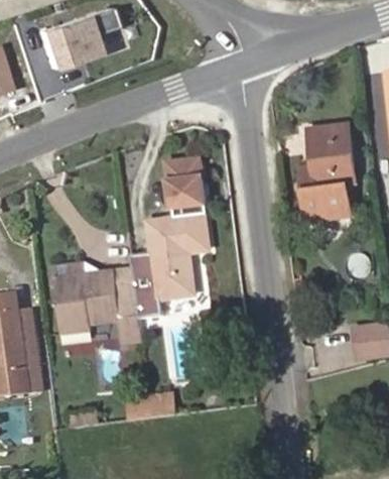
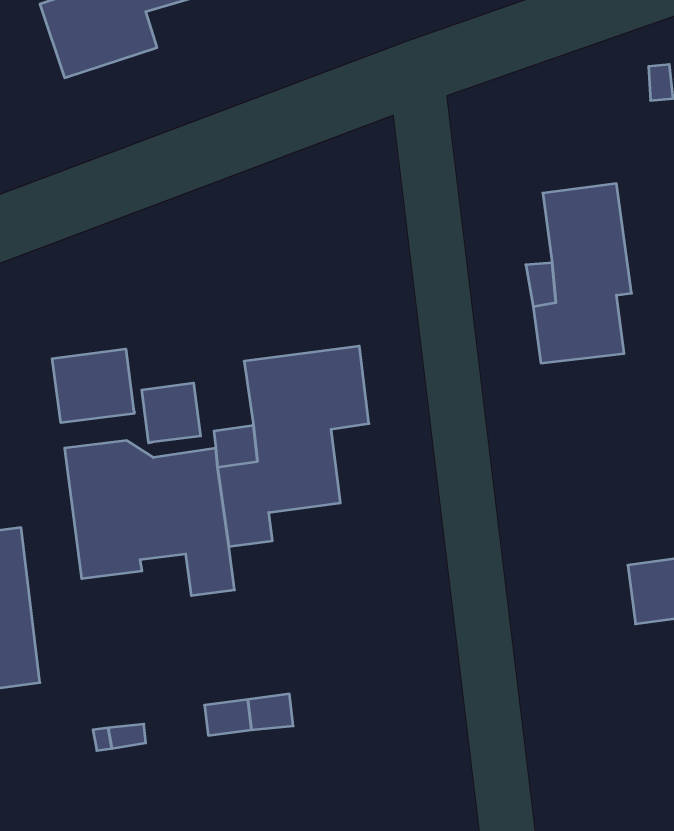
building: [164,155,210,208] -> none
building: none -> [52,349,134,423]
building: none -> [142,383,201,443]

